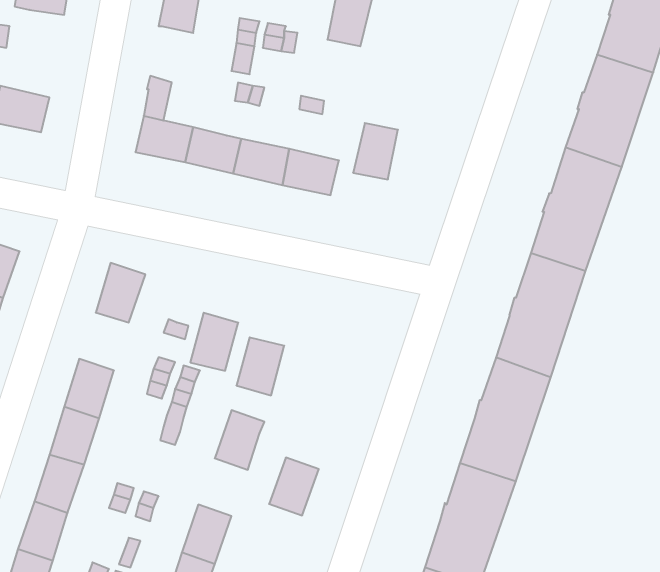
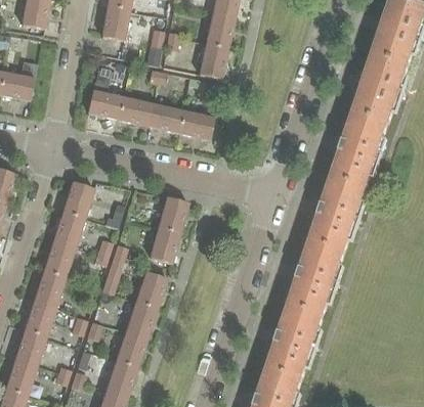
building: [353,123,398,179] -> [199,43,226,78]
building: none -> [52,212,83,247]
building: [190,313,238,371] -> [158,196,187,232]
building: [269,458,319,515] -> [126,302,157,337]

